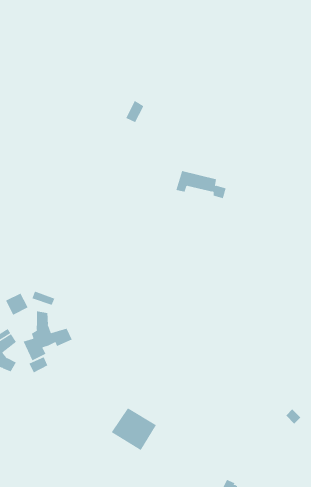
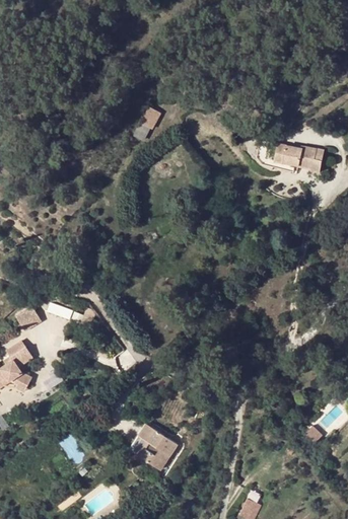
building: [176,170,226,199] -> [267,147,320,176]
building: [23,311,72,361] -> none

